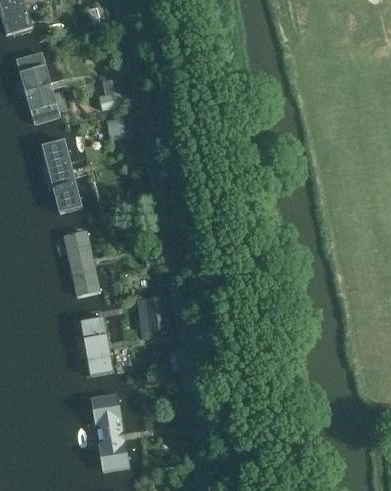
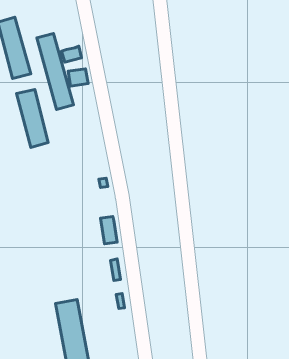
building: none -> [37,33,73,109]
building: [62,229,101,300] -> none
building: [77,316,113,378] -> none

